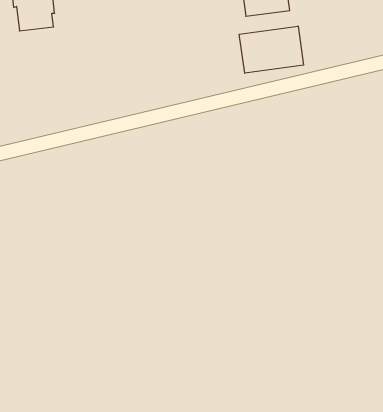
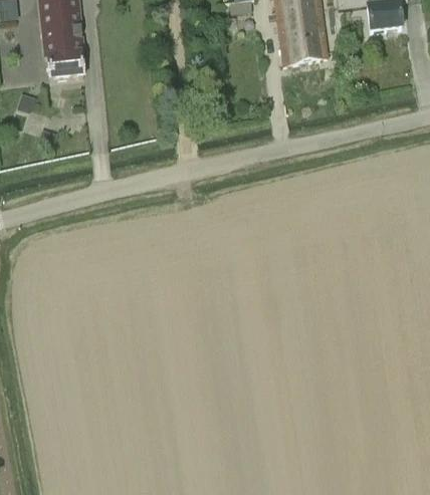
building: [239,26,304,73] -> none

